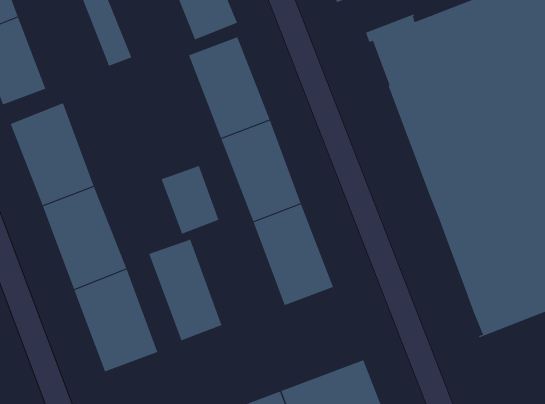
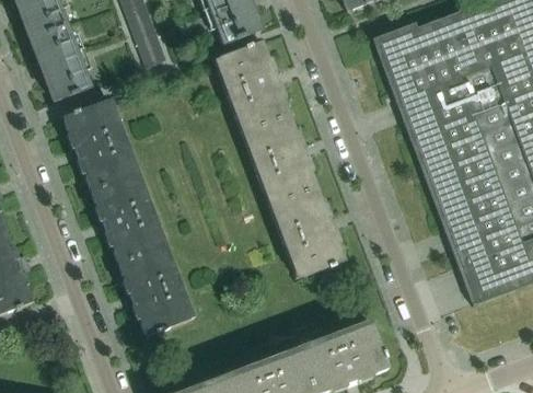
building: [161,165,219,234] -> none
building: [149,239,222,341] -> none

